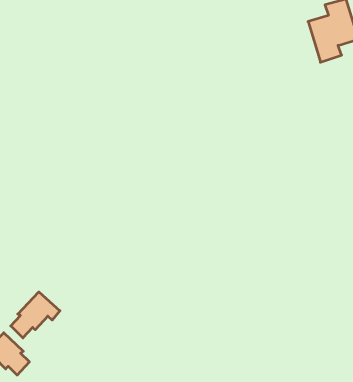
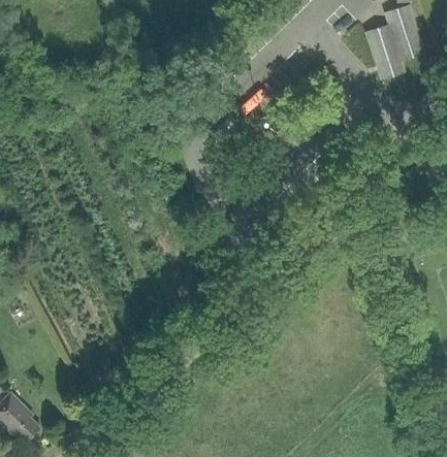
building: [11,292,60,338] -> none

